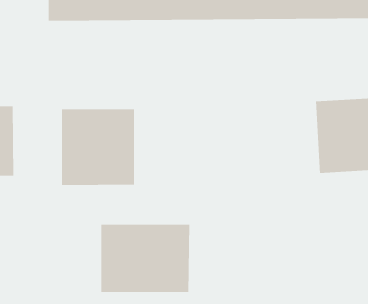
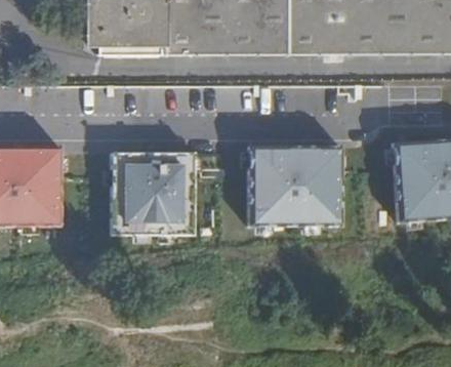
building: none -> [246,144,341,226]
building: [100,224,190,293] -> none

